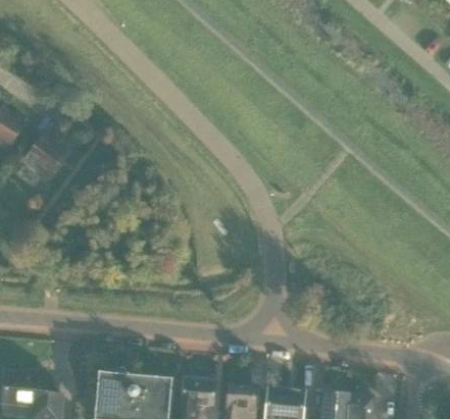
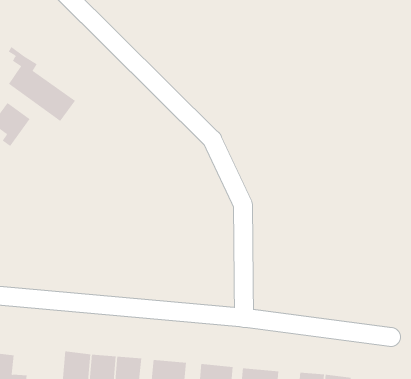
building: none -> [8,46,76,122]

